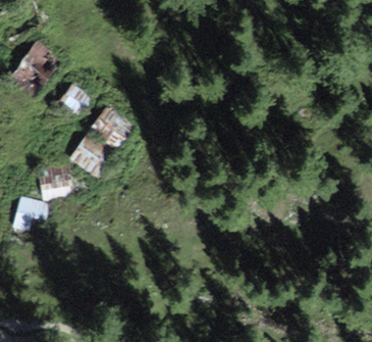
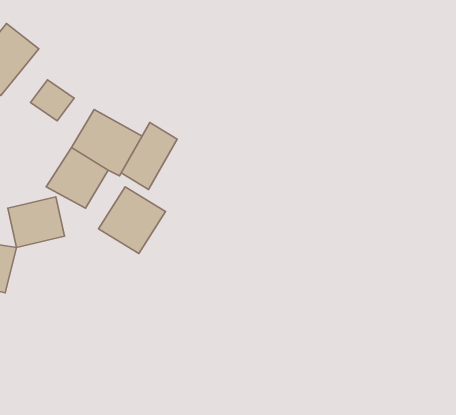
building: none -> [121,123,177,190]
building: none -> [98,187,165,254]

